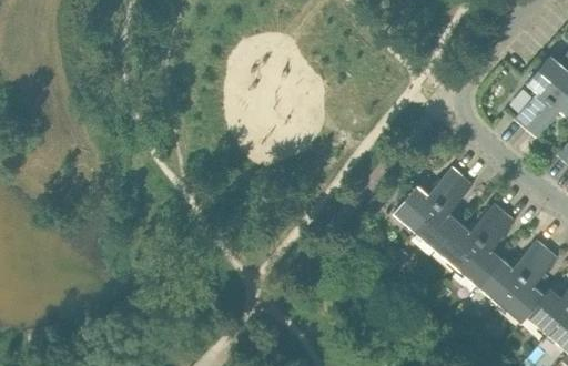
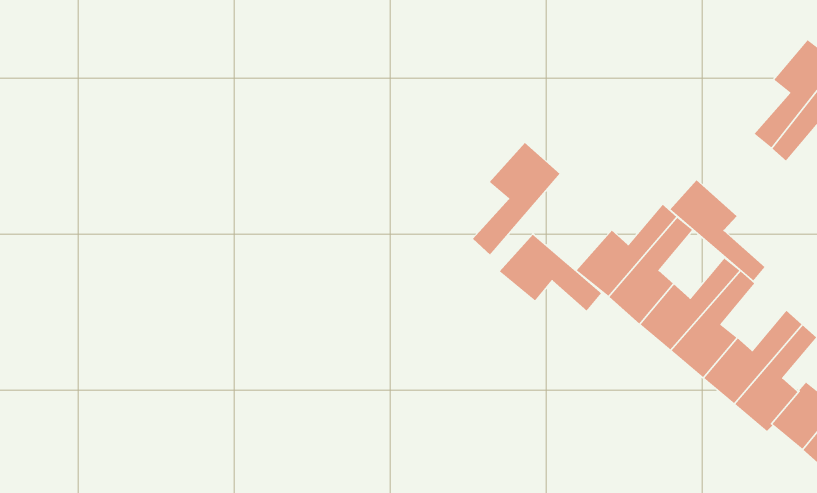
building: none -> [472,142,561,256]
building: none -> [670,179,765,281]
building: none -> [499,234,602,311]

